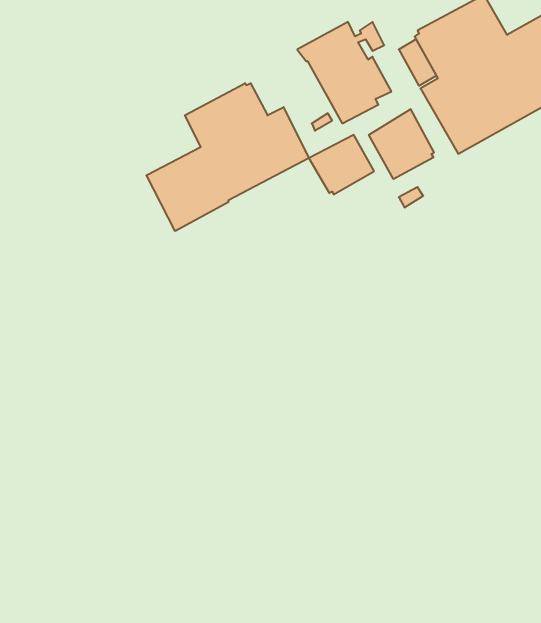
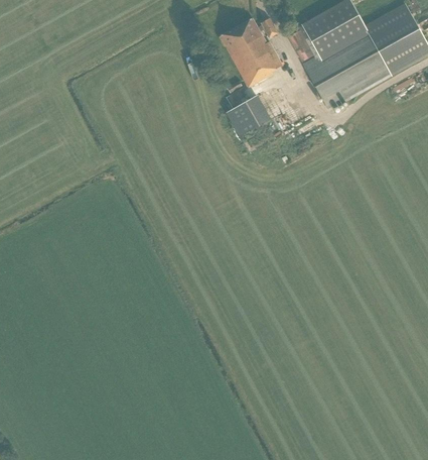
building: [146,83,309,231] -> none
building: [369,109,434,179] -> none

